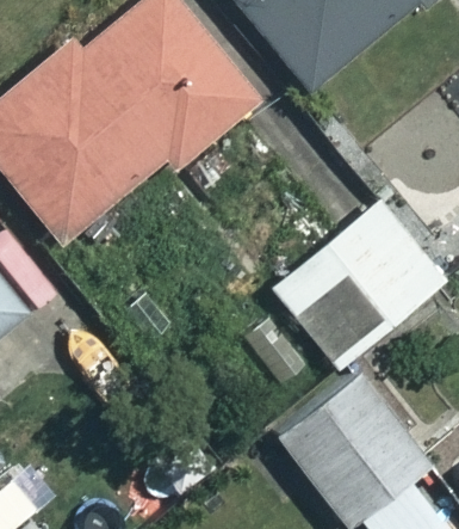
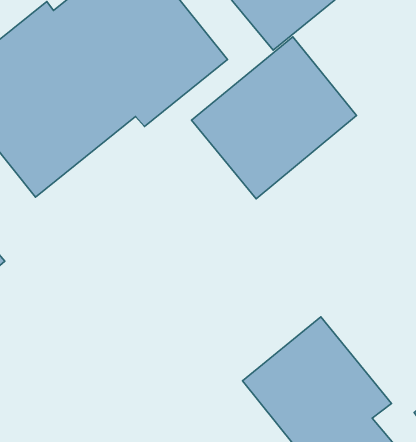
building: [269,199,442,369] -> [191,37,356,199]

